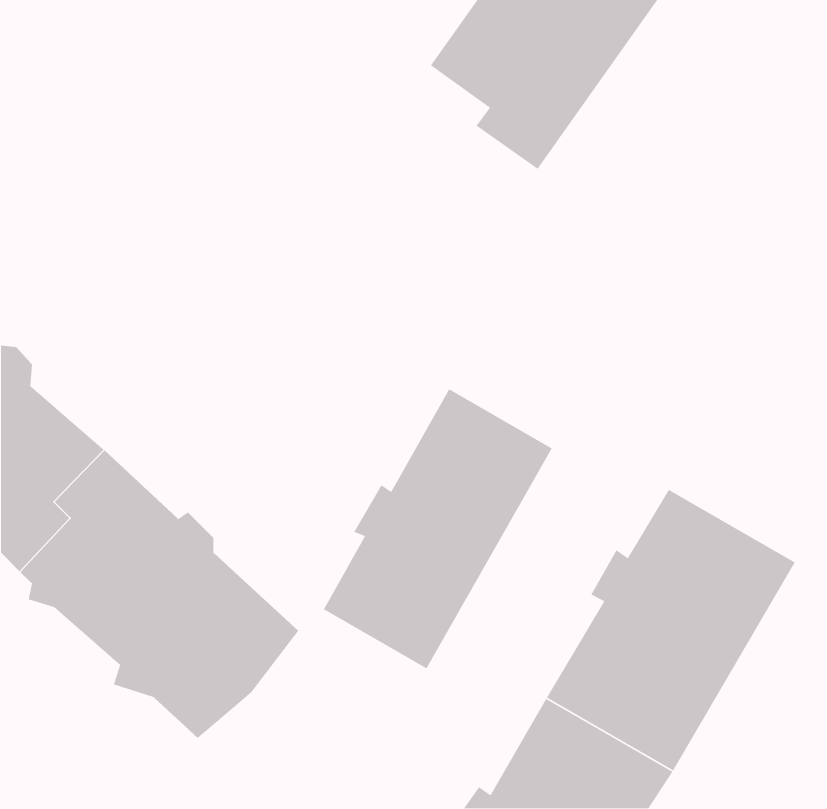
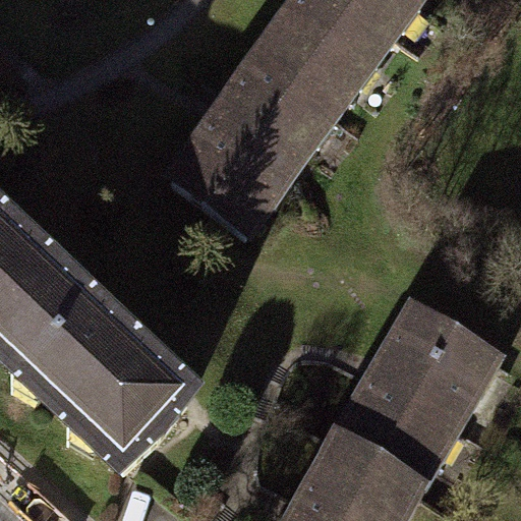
building: none -> [177,41,340,225]
building: [323,388,553,670] -> none

